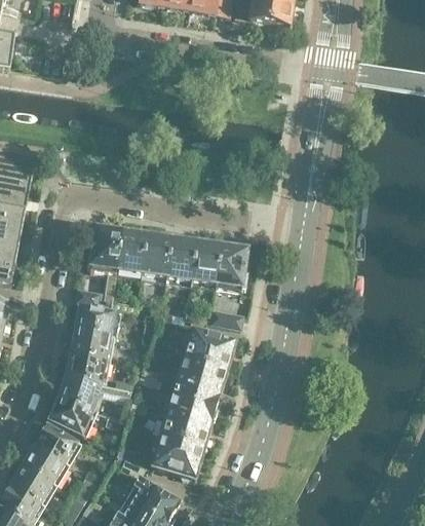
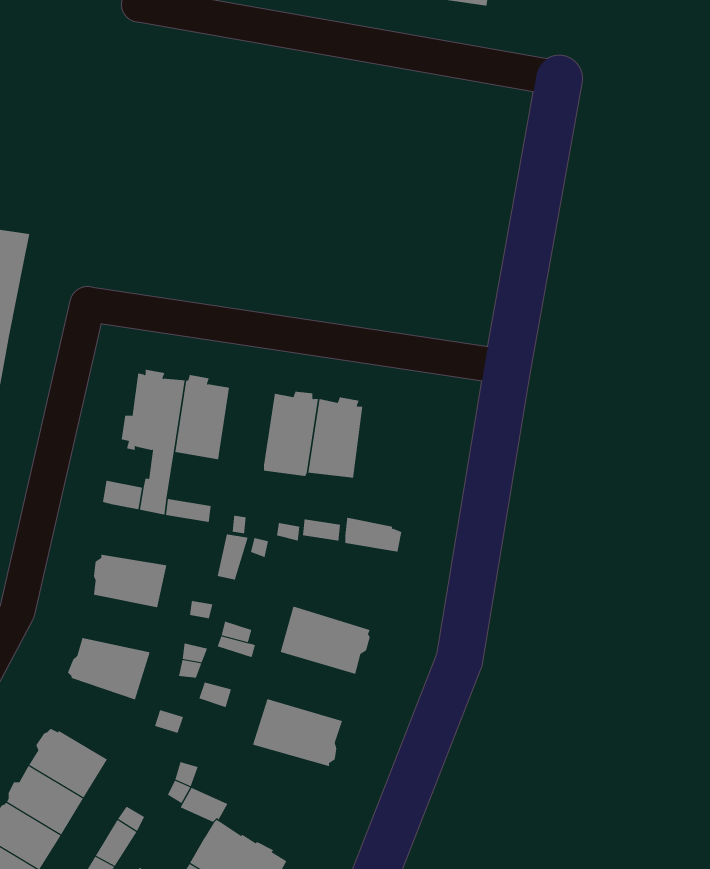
building: [141,233,171,279] -> none
building: [216,246,246,292] -> none
building: [75,306,117,335] -> none
building: [182,329,235,371] -> none
building: [65,351,107,383] -> none
building: [167,383,219,422] -> none
building: [48,398,94,436] -> none
building: [151,435,202,478] -> none

